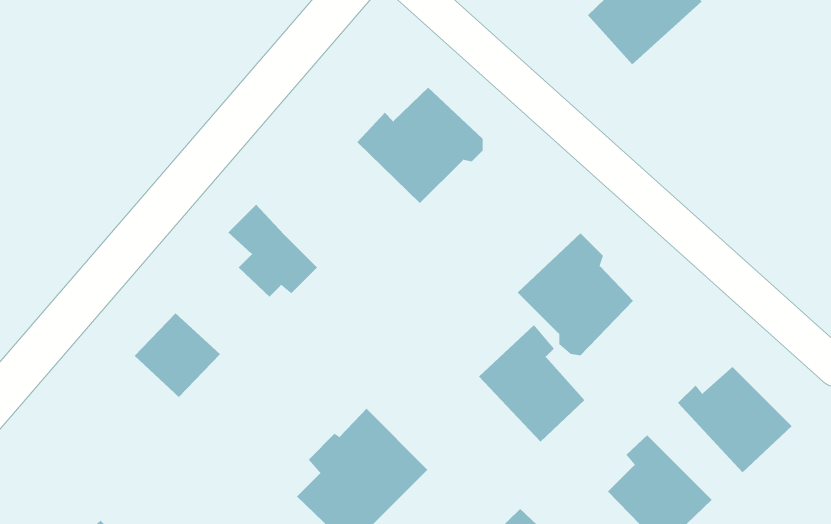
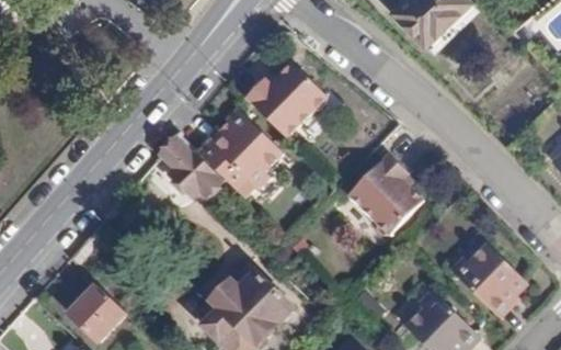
building: none -> [195,110,278,192]
building: [134,312,221,398] -> [72,284,129,340]
building: [478,324,585,443] -> none

